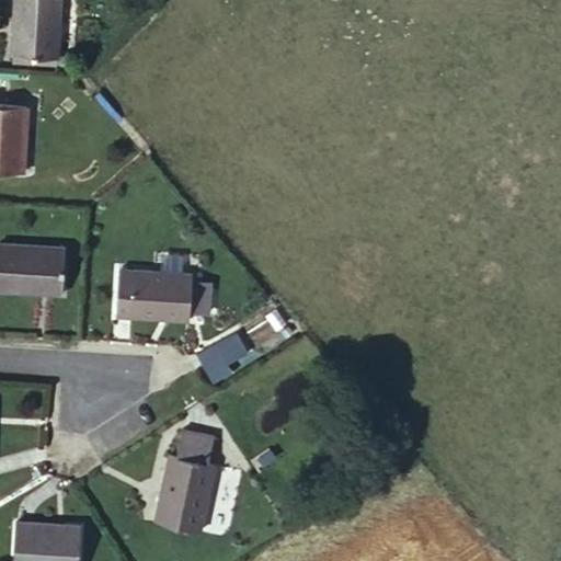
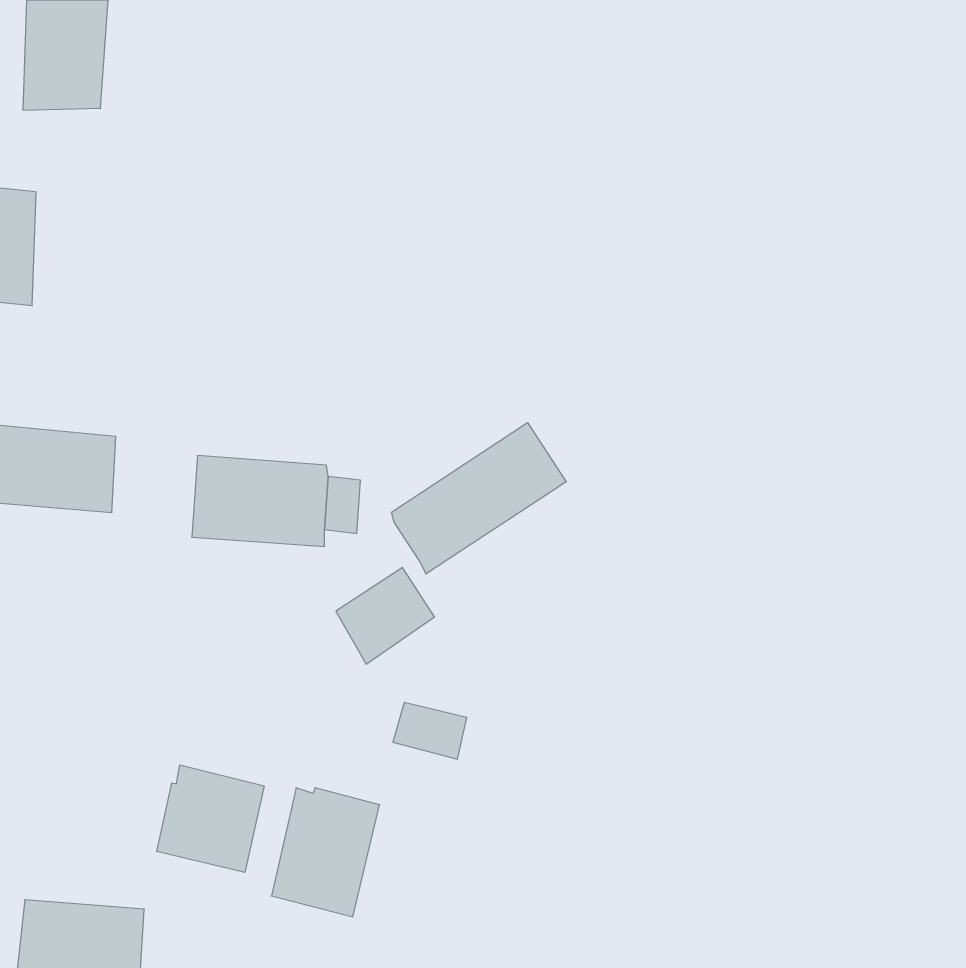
building: none -> [392,423,566,574]
building: [182,433,225,466] -> [393,702,467,759]
building: none -> [157,765,264,872]

